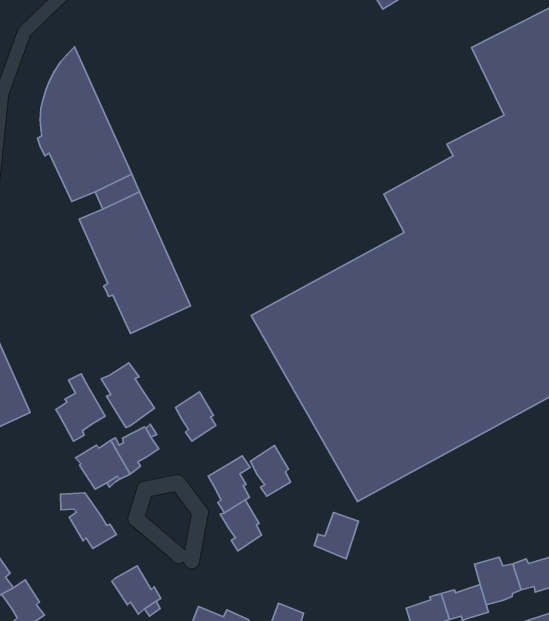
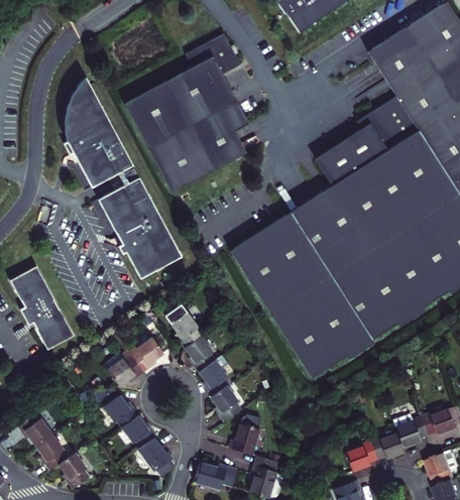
building: none -> [125,34,246,194]
building: [101,363,155,428] -> none
building: [56,374,105,441] -> none
building: [251,445,291,496] -> [187,333,216,369]
building: [314,512,358,559] -> [228,422,258,455]
building: none -> [121,414,155,446]

